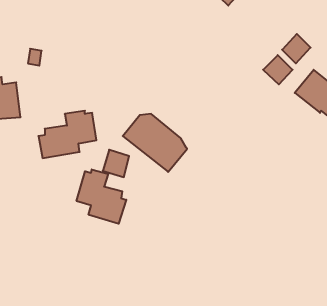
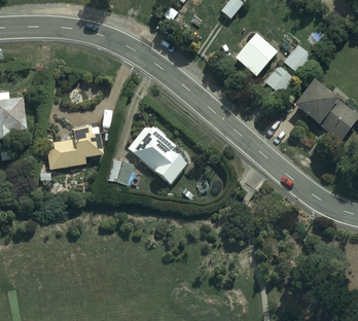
building: none -> [235,36,278,78]
building: [77,169,126,224] -> none

